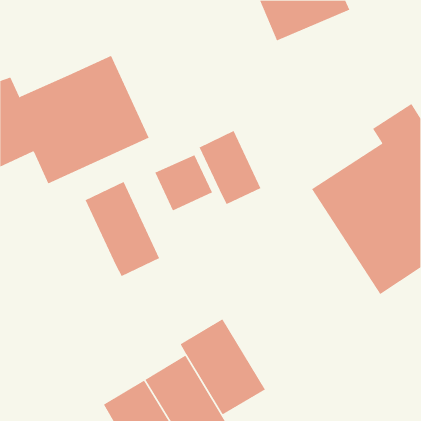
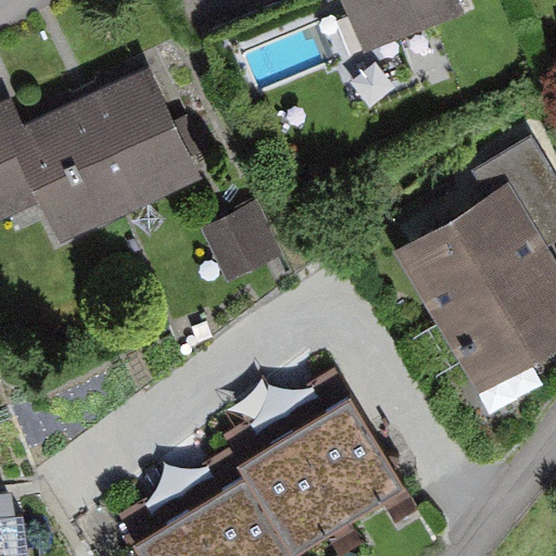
building: [199,130,261,205] -> none
building: [85,181,160,277] -> none
building: none -> [293,387,406,514]

